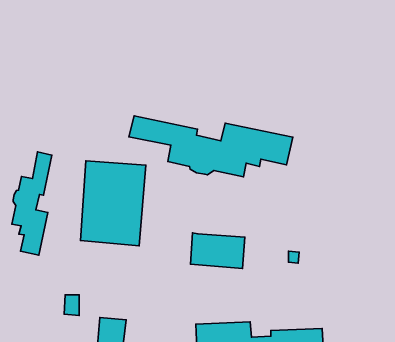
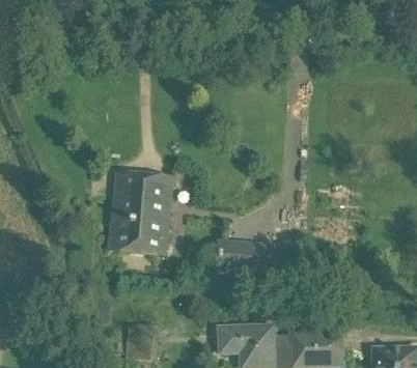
building: [129,116,293,177] -> none
building: [12,152,52,255] -> none

